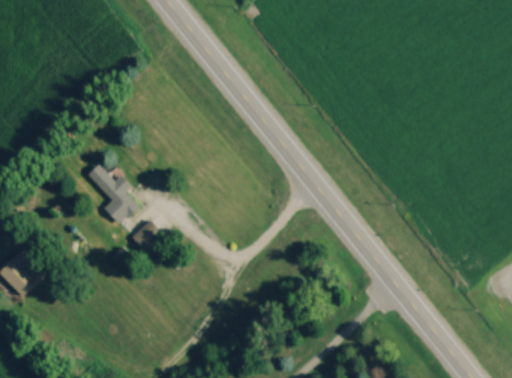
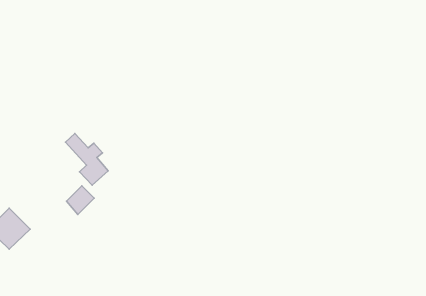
building: [130,217,162,250] -> [66,186,94,214]

